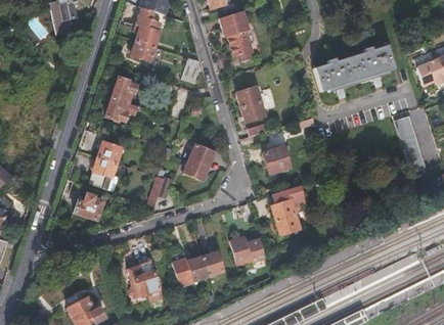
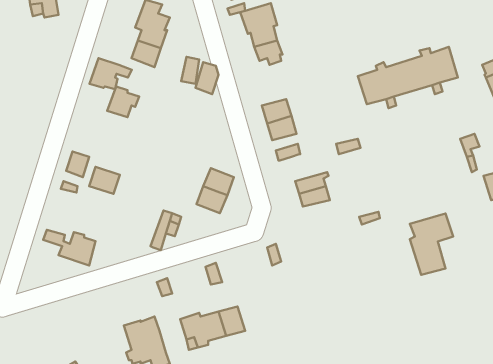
building: [105,96,139,121] -> [89,58,132,89]
building: [90,156,118,188] -> none
building: [271,185,306,234] -> [410,213,453,275]
building: [229,236,264,268] -> none

